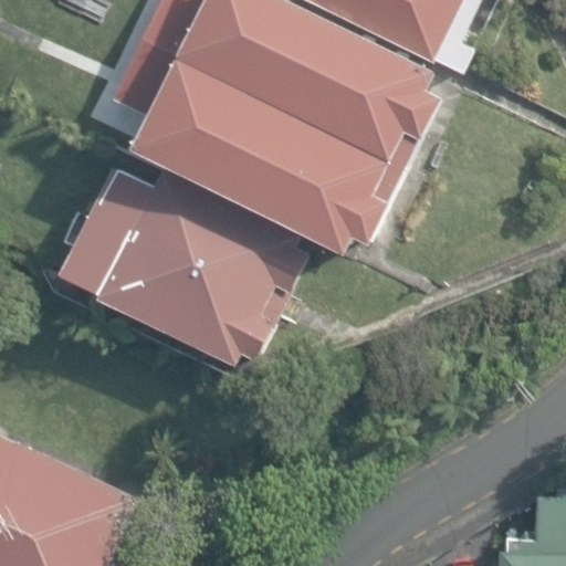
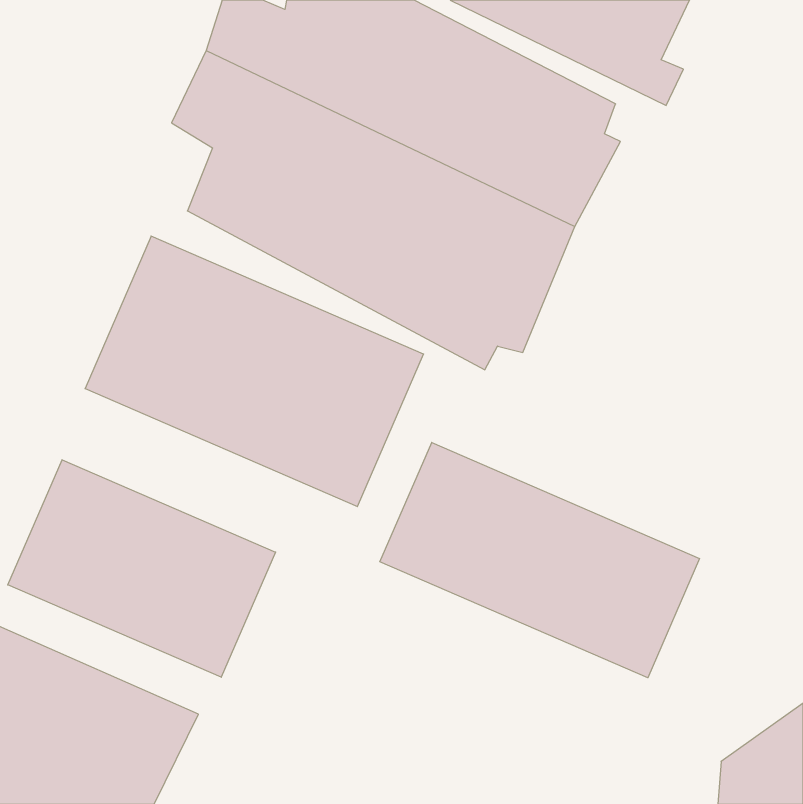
building: none -> [380,442,700,678]
building: none -> [8,460,276,677]

